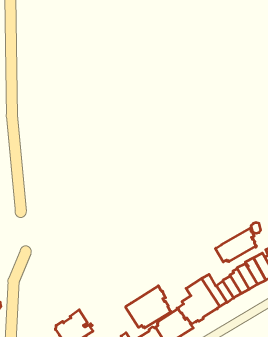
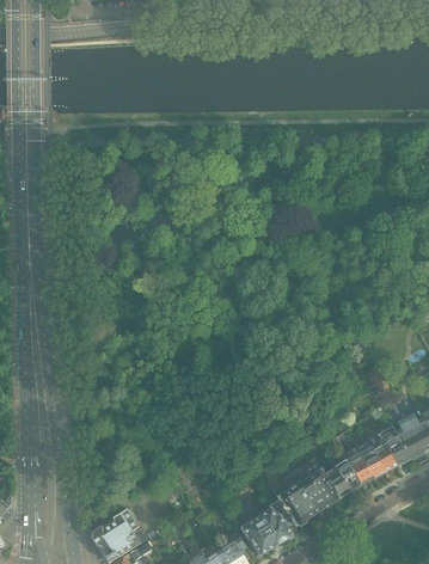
building: [215,228,256,262] -> none
building: [126,286,171,328] -> none

